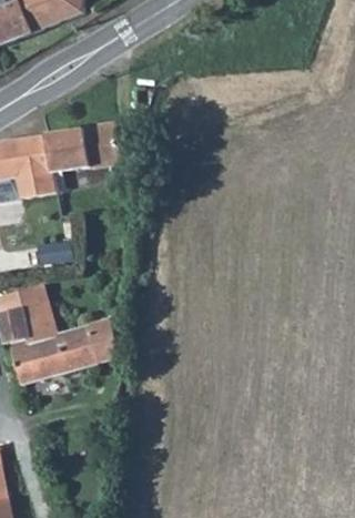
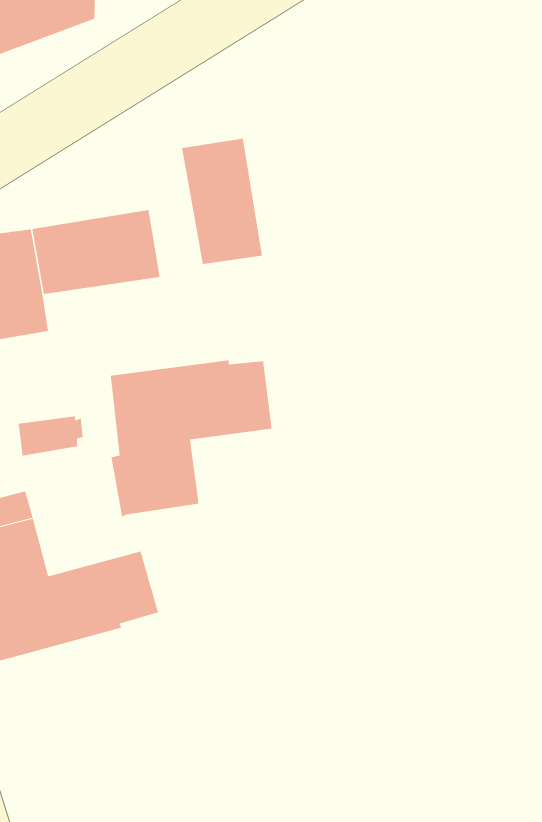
building: none -> [182,138,262,265]
building: none -> [110,359,272,517]

